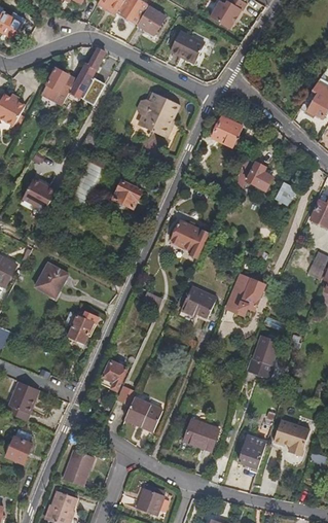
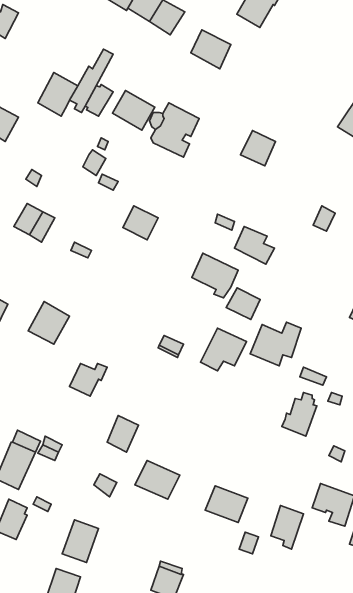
building: none -> [112,90,155,130]
building: [239,158,272,189] -> [234,226,274,264]
building: none -> [226,288,260,320]

